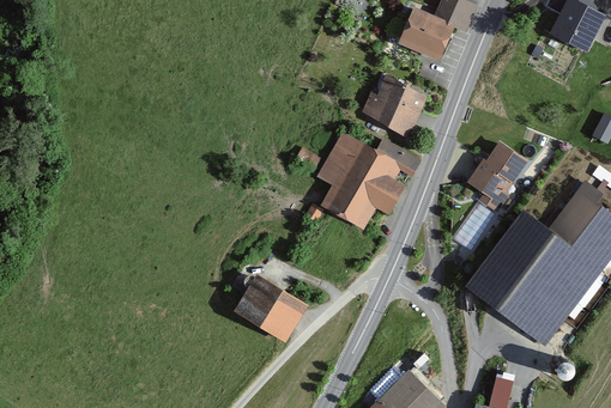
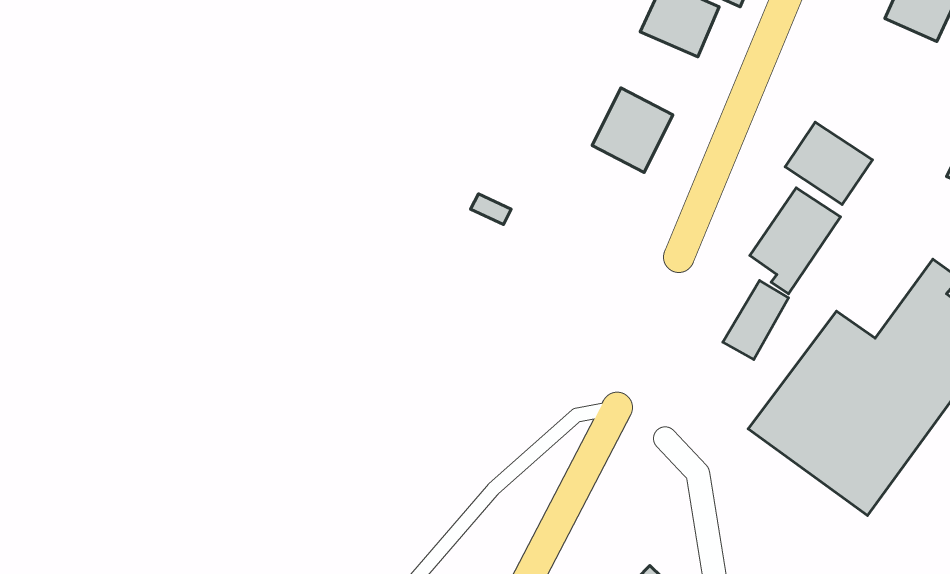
building: none -> [785,122,872,205]
building: [317,134,419,226] -> none
building: [238,280,301,337] -> none

